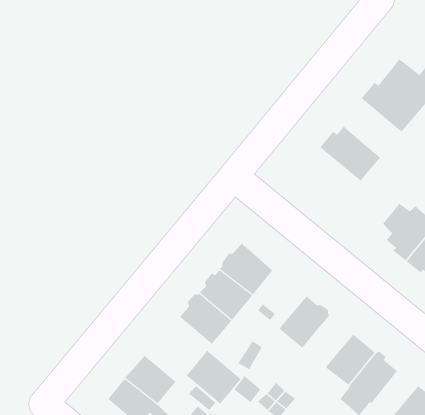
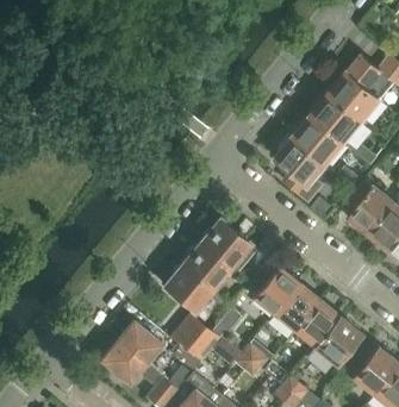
building: none -> [312,89,378,163]
building: none -> [275,133,328,193]
building: none -> [275,284,320,331]

